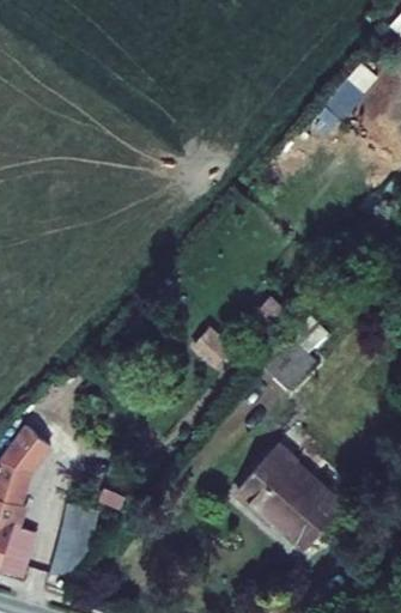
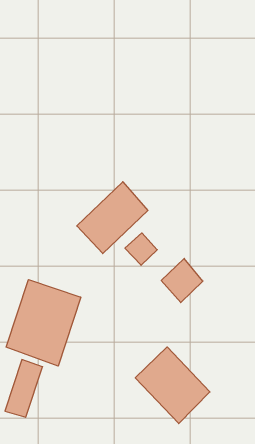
building: none -> [77,182,148,254]
building: none -> [6,280,81,366]

